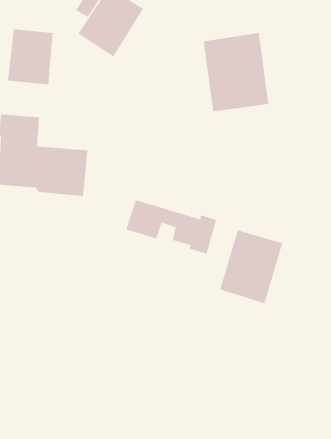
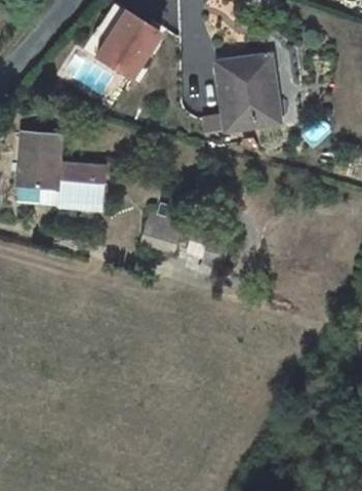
building: [8,28,53,85] -> none
building: [220,230,283,304] -> none

